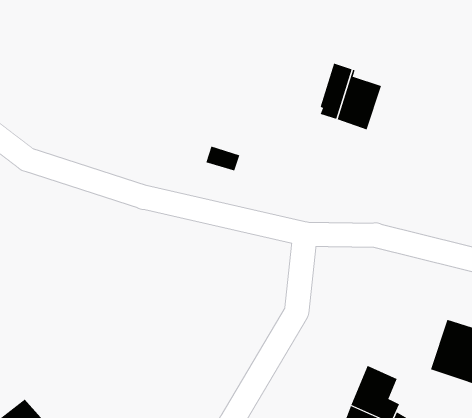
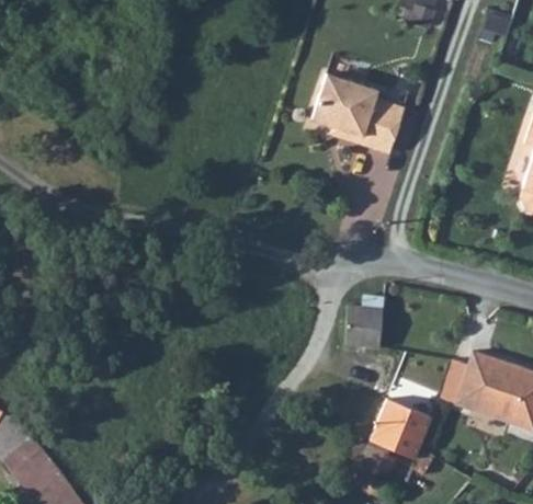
building: none -> [311,75,353,129]
building: none -> [345,307,382,345]

